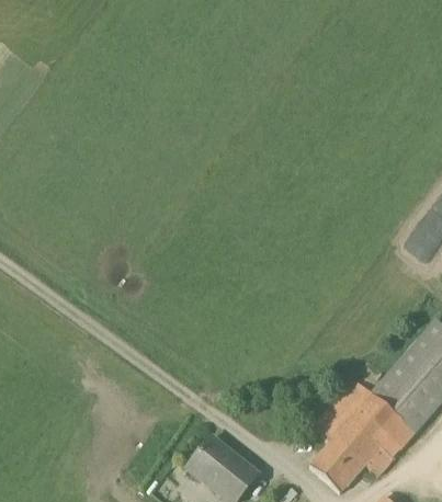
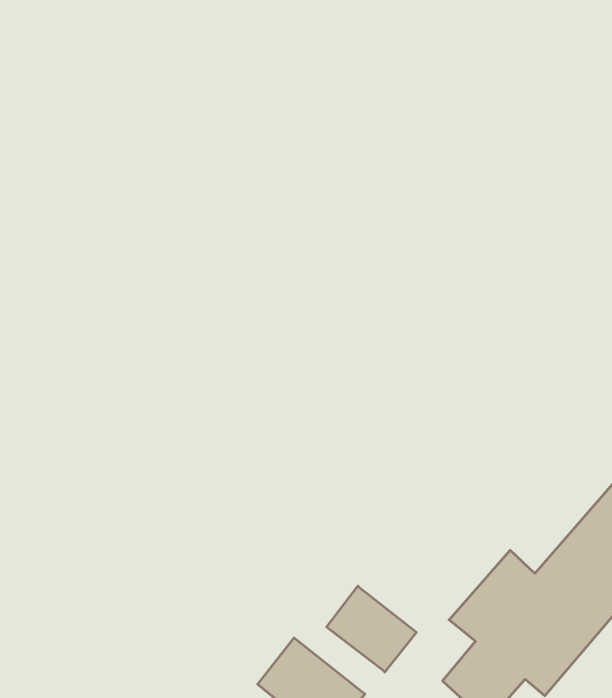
building: none -> [327,586,416,672]

